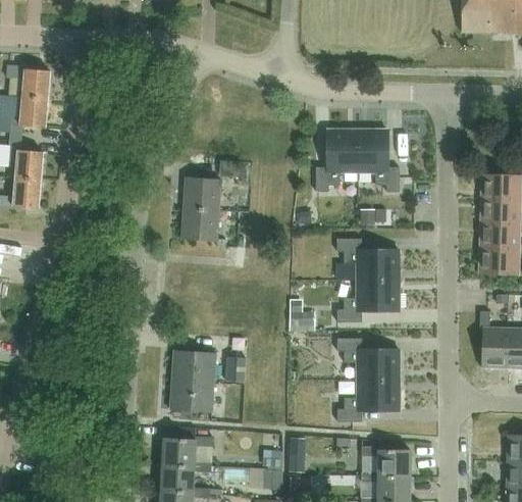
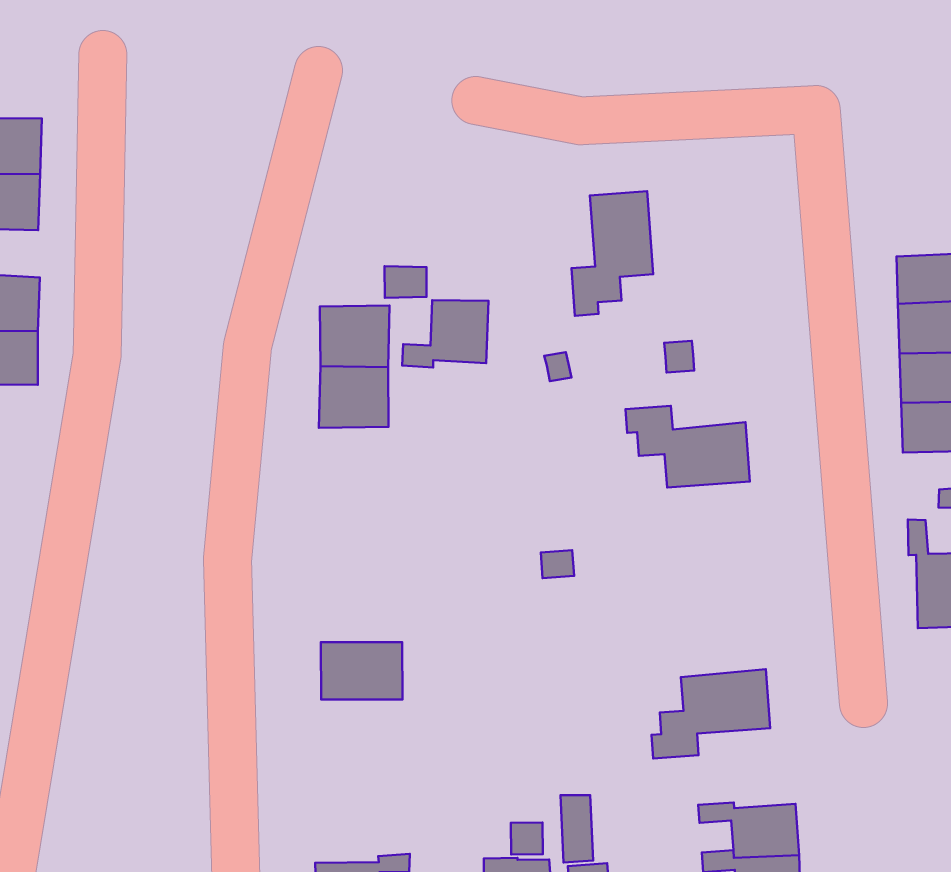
building: [358,130,400,191] -> none
building: none -> [402,300,488,367]
building: [338,283,400,323] -> none
building: [338,339,401,381] -> none
building: [225,355,247,382] -> none
building: [169,379,213,411] -> none
building: [162,435,212,464] -> none

